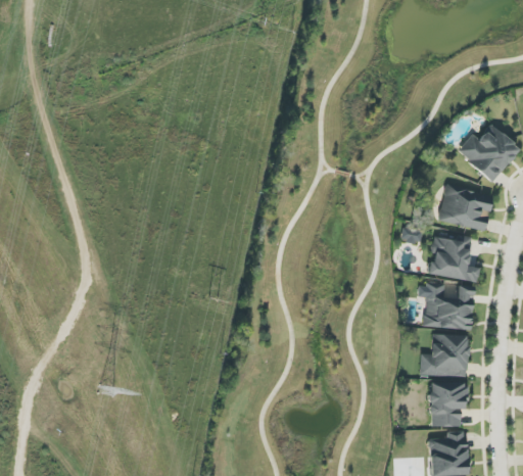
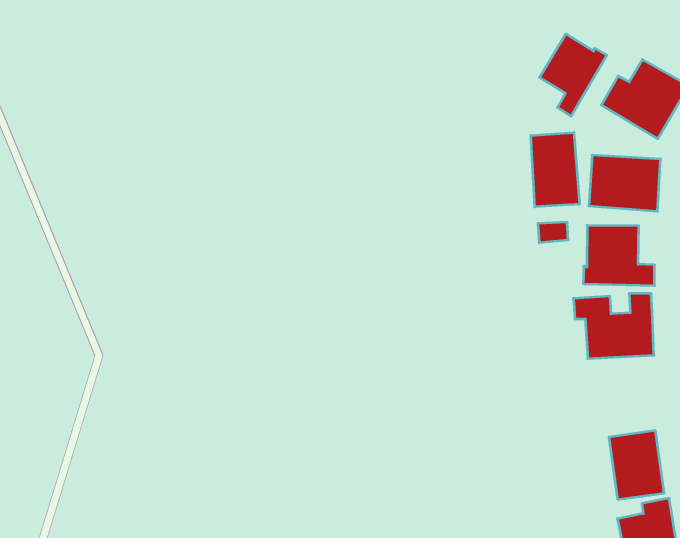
building: none -> [539,34,607,116]
building: none -> [531,132,579,207]
building: [421,334,468,376] -> none

